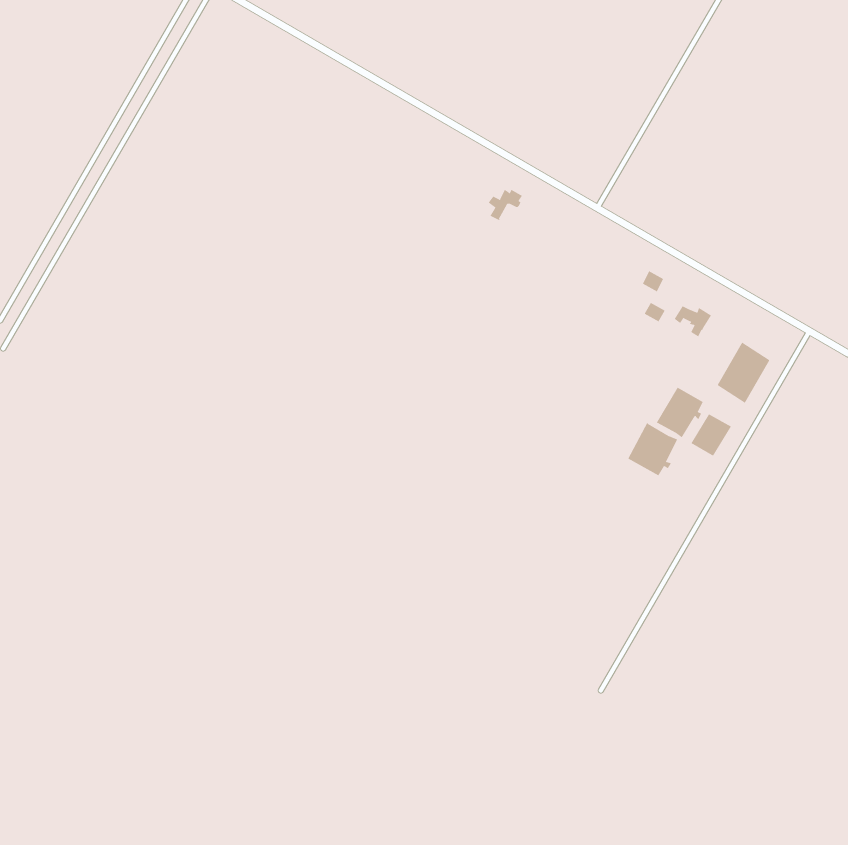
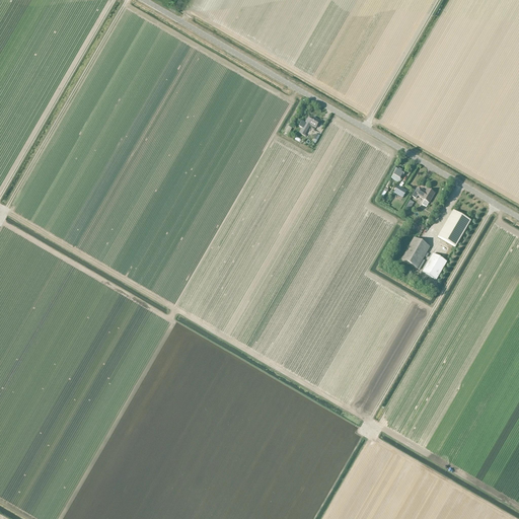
building: [628,422,678,476] -> none

